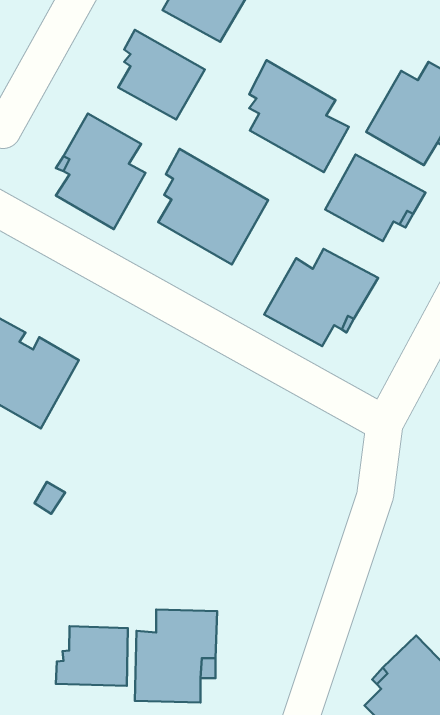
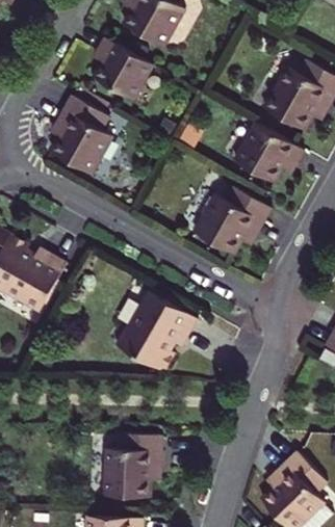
building: [249,60,349,172] -> none
building: [158,149,268,264] -> none
building: none -> [117,293,197,373]
building: [56,626,128,686] -> none

